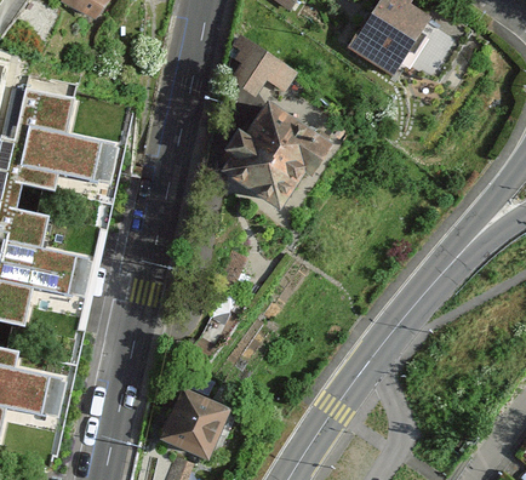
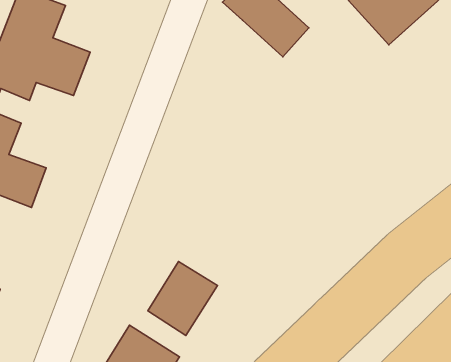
building: [224,102,332,210] -> none
building: none -> [148,262,218,335]

